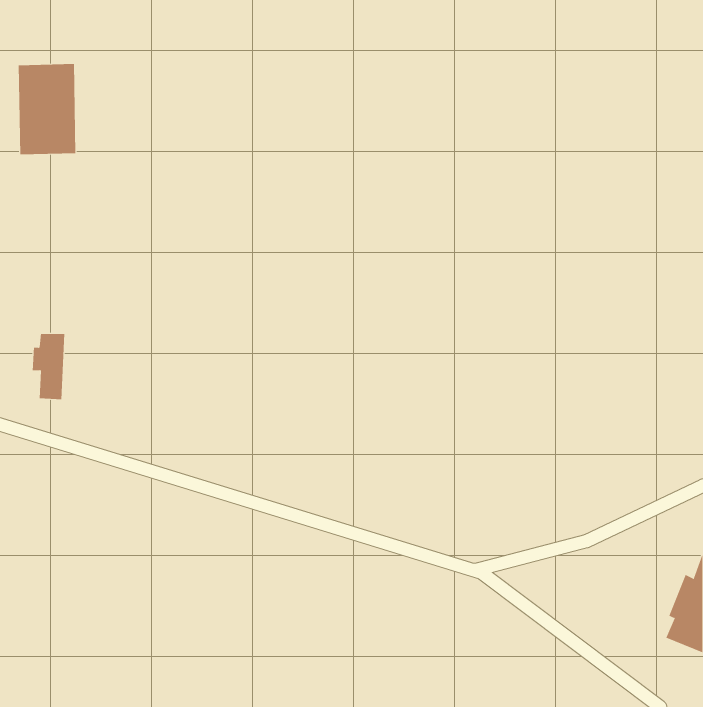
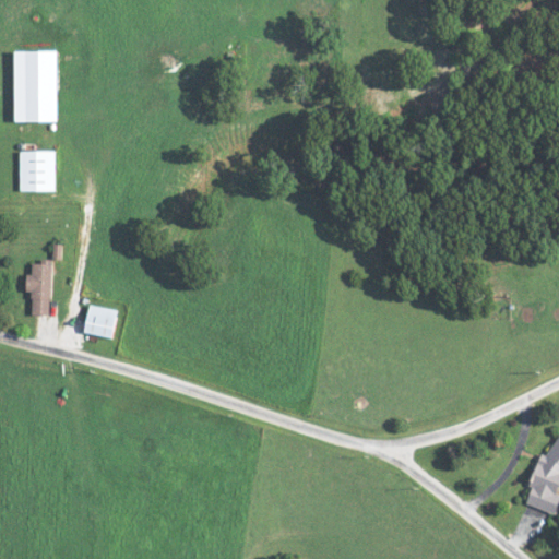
building: none -> [19,151,55,191]
building: none -> [85,305,118,337]

